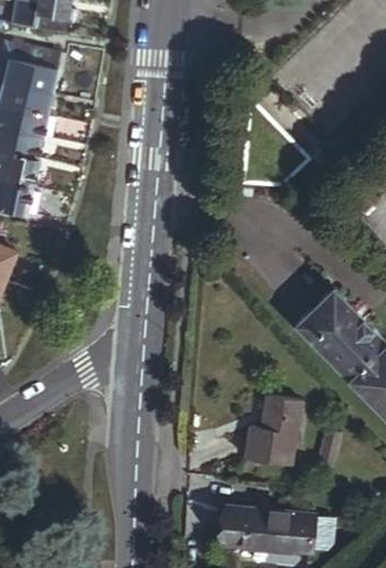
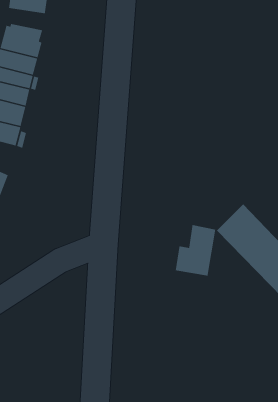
building: [245,398,302,469] -> [175,224,216,277]
building: [223,508,315,556] -> none

